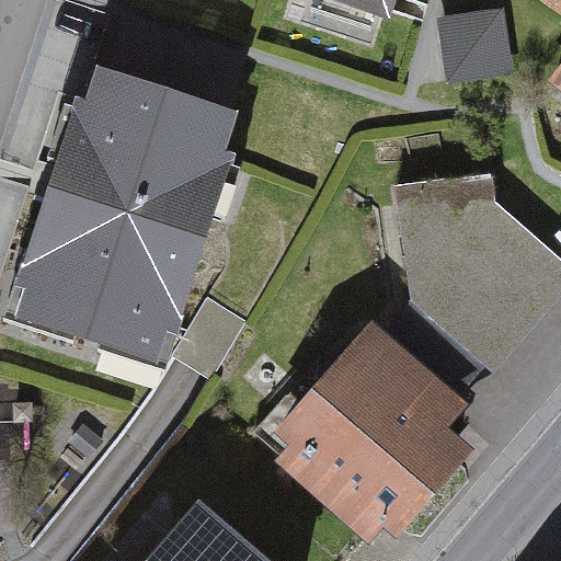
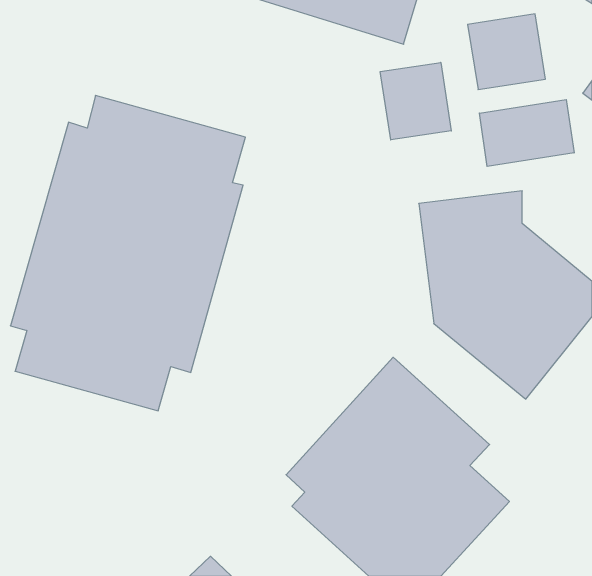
building: none -> [380,62,451,140]
building: none -> [479,100,574,166]

